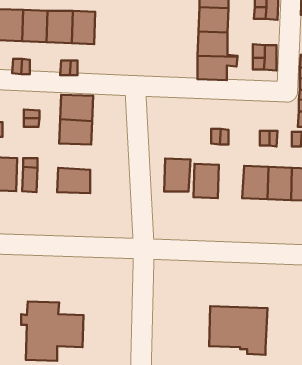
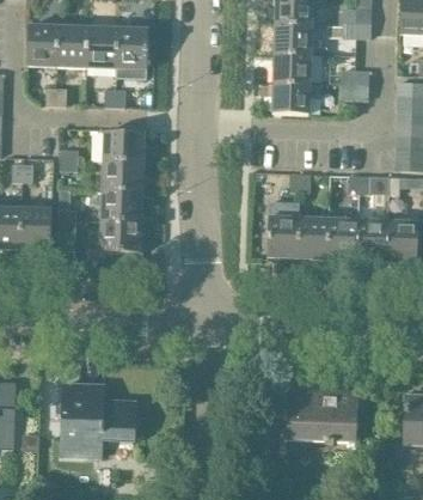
building: none -> [102,191,142,224]
building: [164,158,191,192] -> [298,218,330,258]

